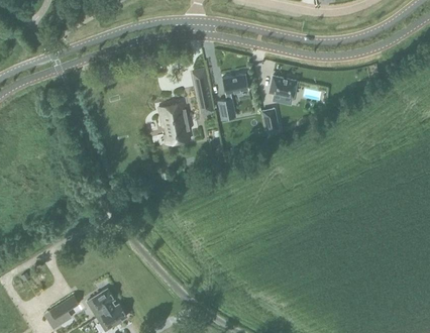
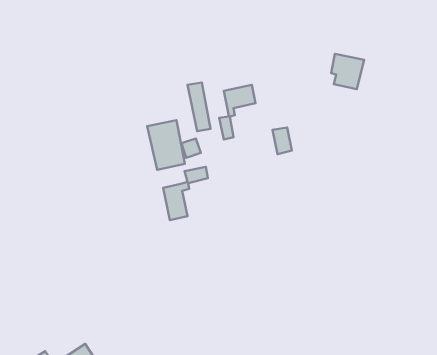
building: [270,76,297,105] -> [331,54,364,89]
building: none -> [163,167,208,220]

